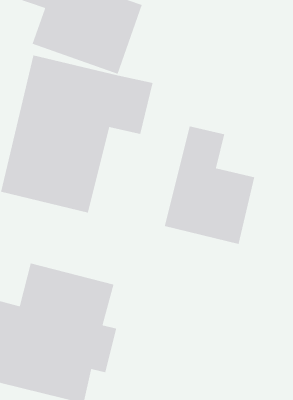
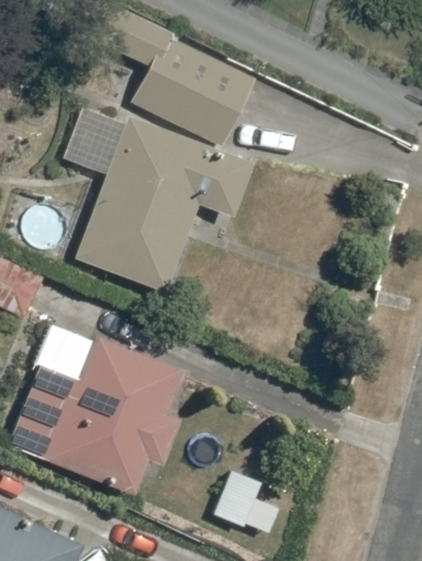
building: [164,126,255,245] -> none

